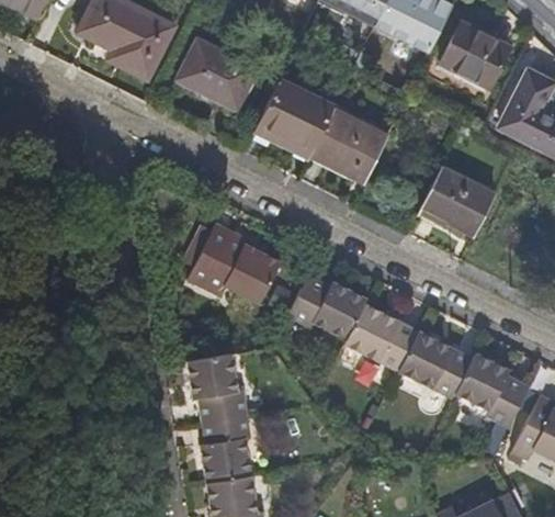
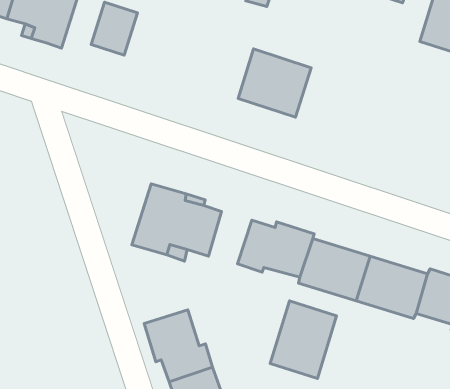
building: [207,55,256,109] -> none
building: [258,81,336,155] -> none
building: [422,168,496,236] -> none
building: none -> [270,301,337,378]

